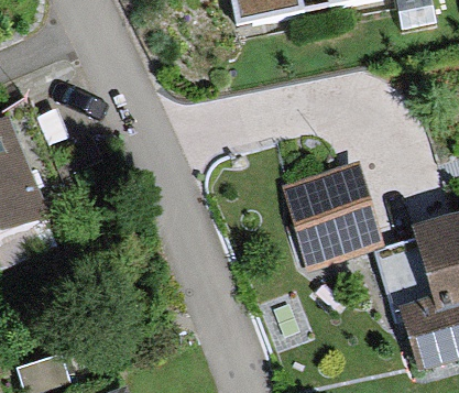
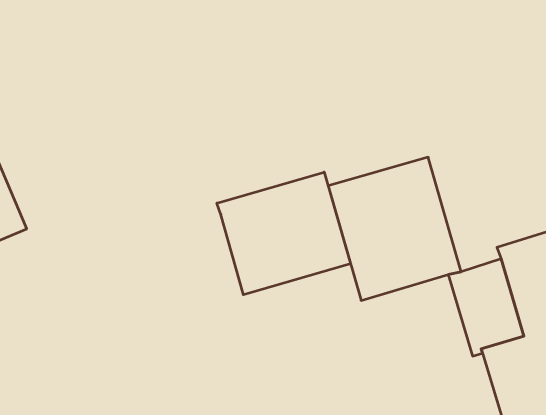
building: none -> [217,172,351,295]

